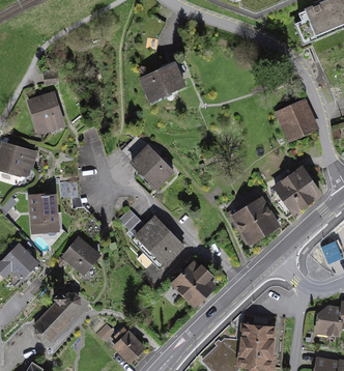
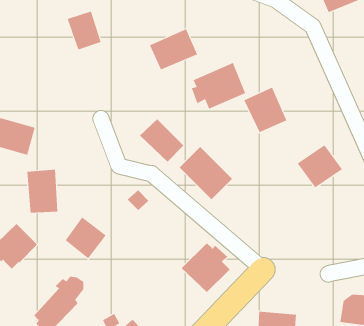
building: none -> [191,62,246,110]
building: [29,94,61,131] -> [67,11,102,50]
building: [277,99,317,142] -> [243,87,287,133]
building: [233,198,276,239] -> none
building: [134,216,183,265] -> [179,146,233,200]

